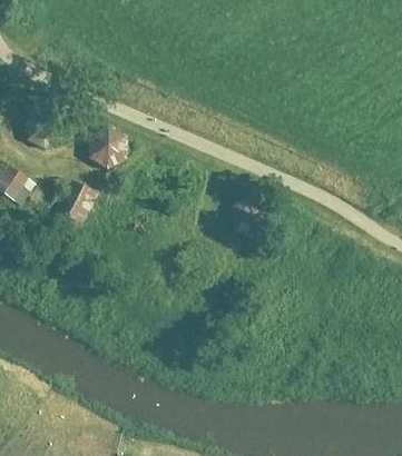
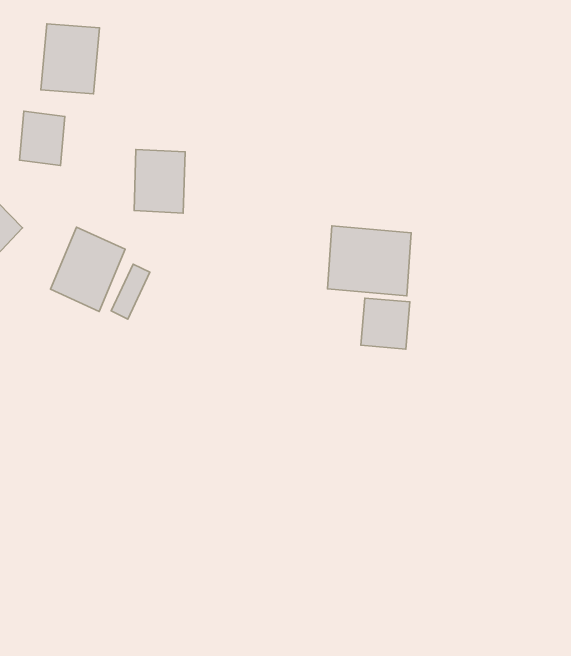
building: none -> [41,24,99,94]
building: none -> [327,226,411,296]

